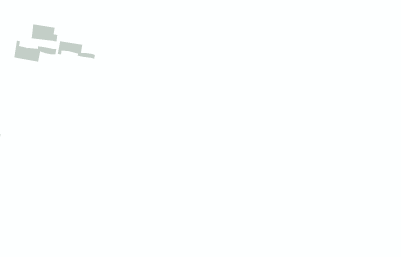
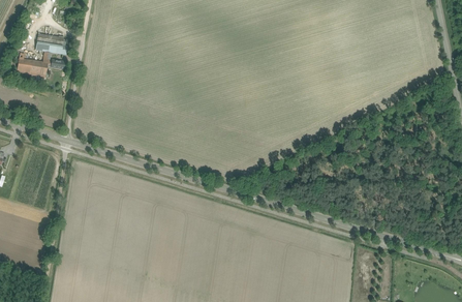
building: [57,40,96,60] -> none

